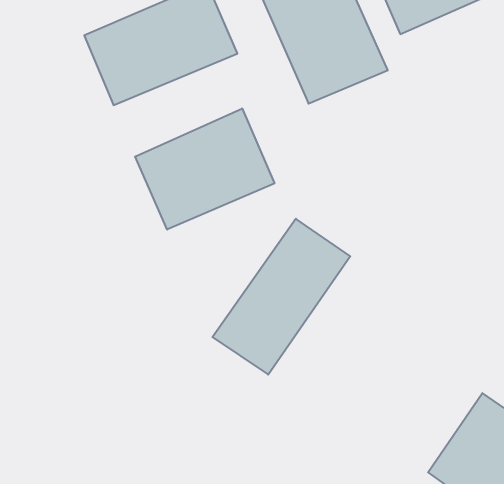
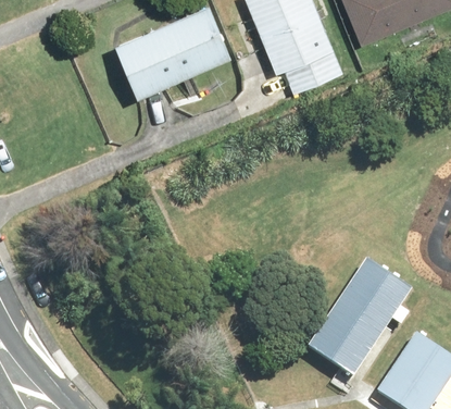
building: [135,108,274,230] -> none
building: [212,219,350,375] -> [313,258,421,380]

